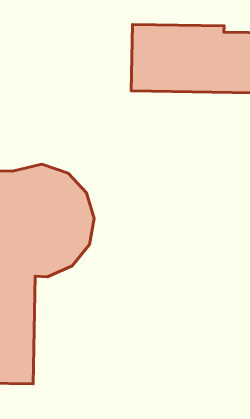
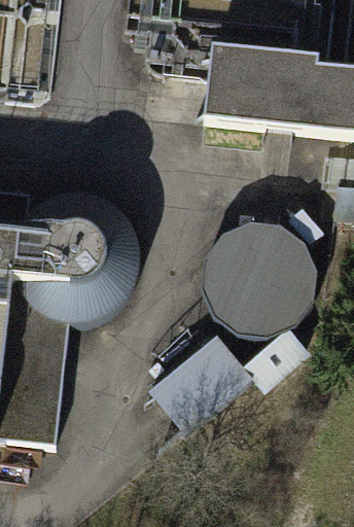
building: none -> [207,234,311,338]
building: none -> [144,337,268,438]

